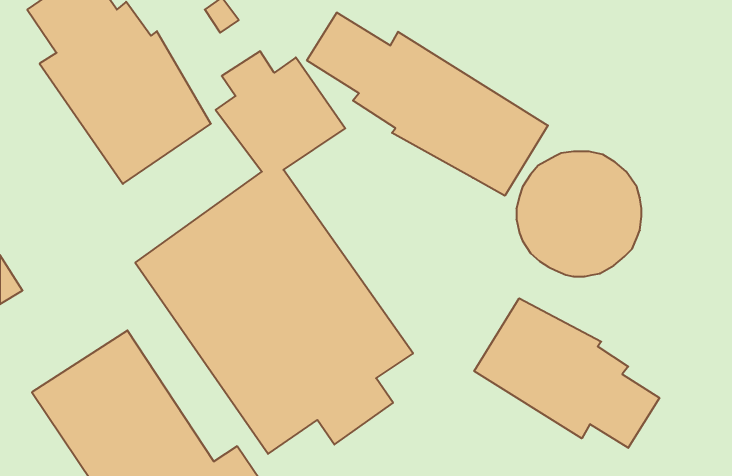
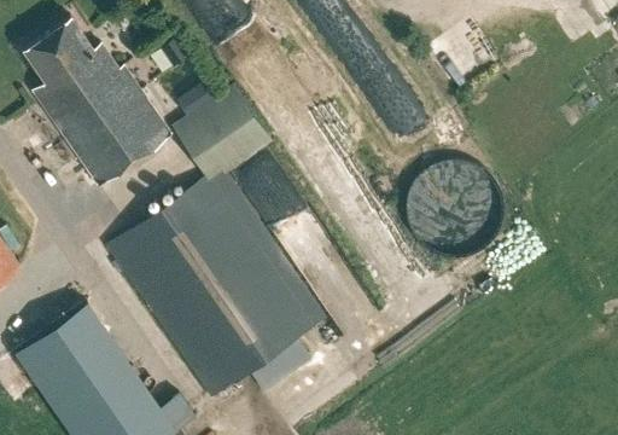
building: [307,12,548,196] -> none
building: [474,298,659,448] -> none

